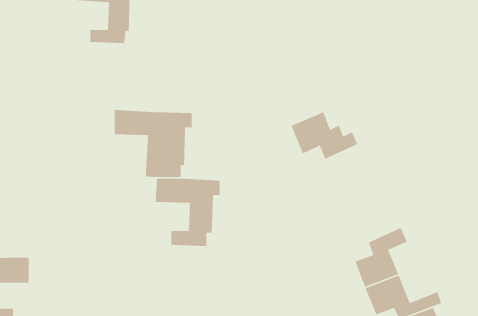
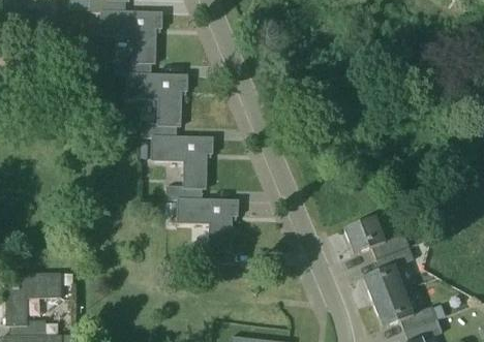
building: none -> [117,73,187,137]
building: [290,111,358,160] -> [344,214,407,259]

